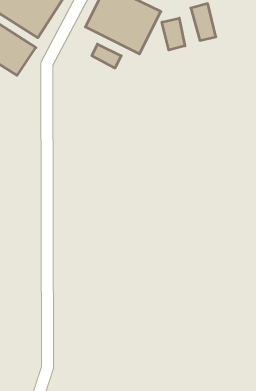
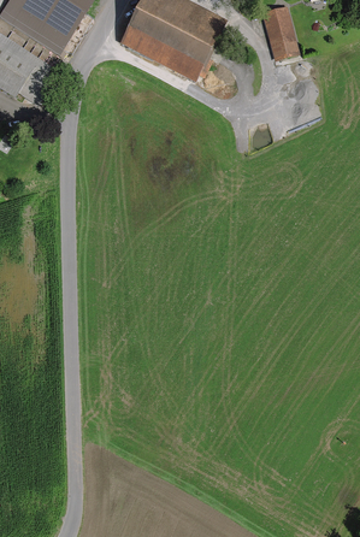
building: [162,18,185,50] -> none
building: [92,44,121,68] -> none

